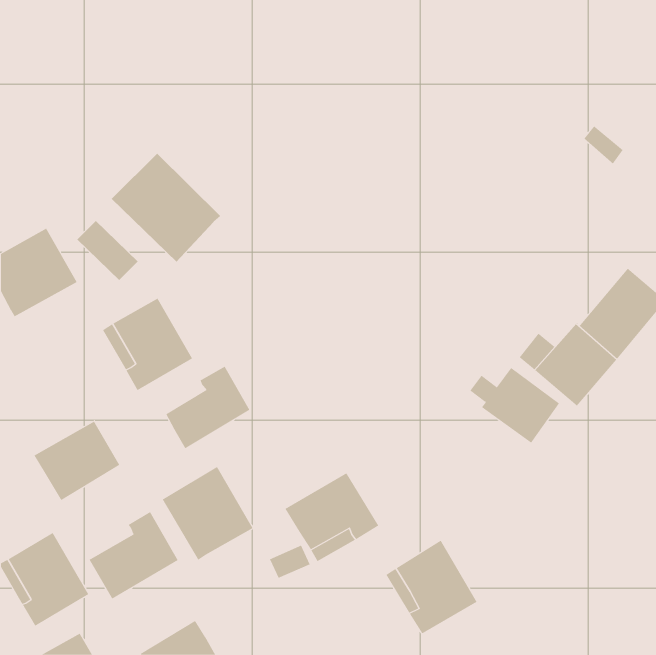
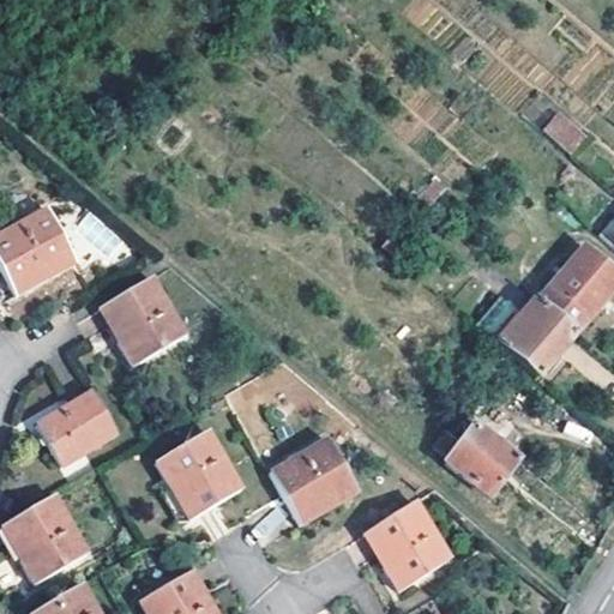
building: [111,153,221,262] -> none
building: [165,366,250,449] -> none
building: [469,367,560,443] -> [437,426,520,496]
building: [89,511,179,599] -> none

